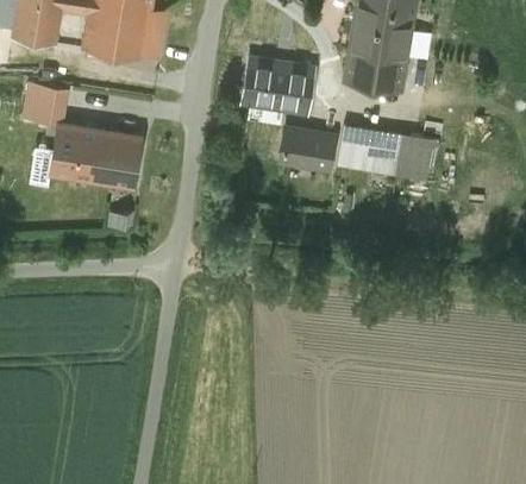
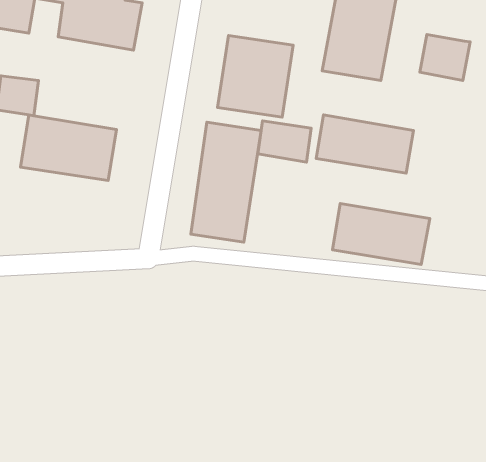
building: none -> [420,35,470,80]
building: none -> [191,122,261,242]
building: none -> [333,203,430,264]

